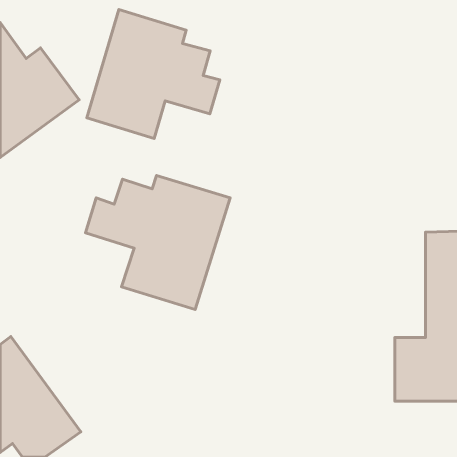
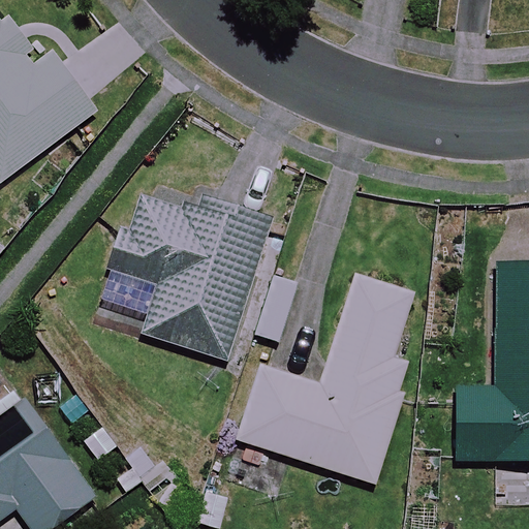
building: [87,10,220,138] -> none
building: none -> [237,274,414,483]

